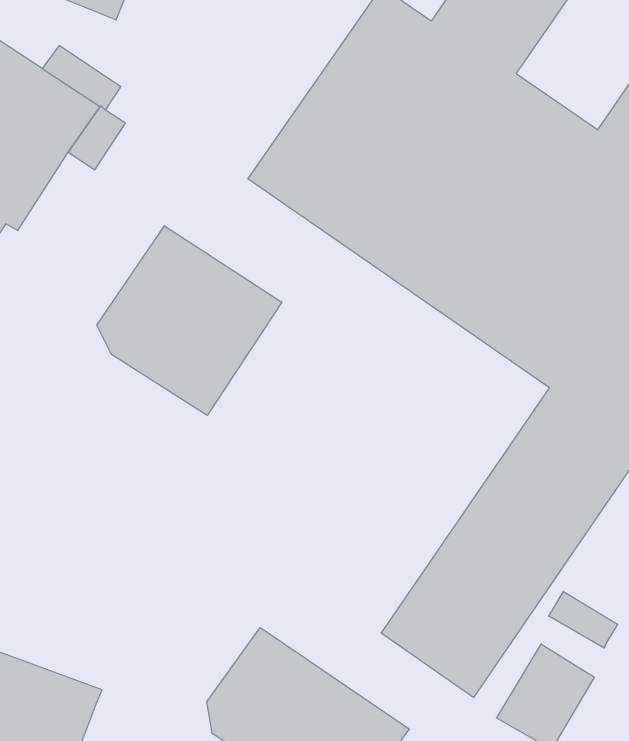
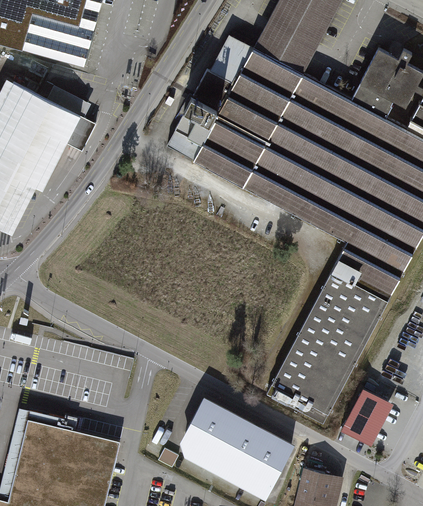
building: [97,226,282,415] -> none
building: [549,591,618,648] -> none

